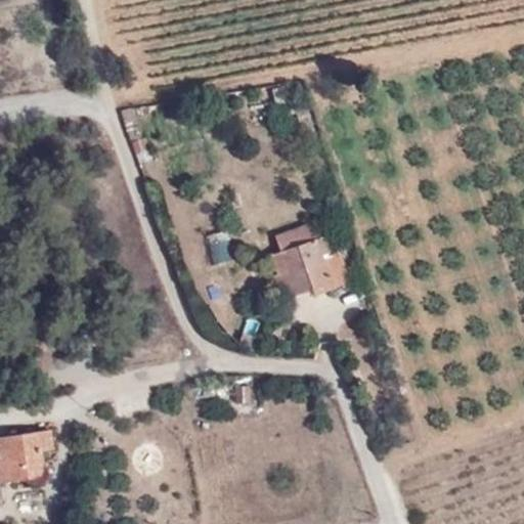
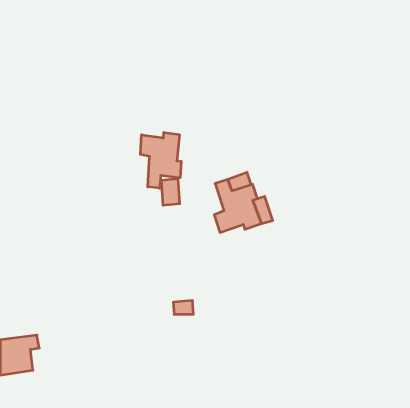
building: none -> [140,132,181,188]

